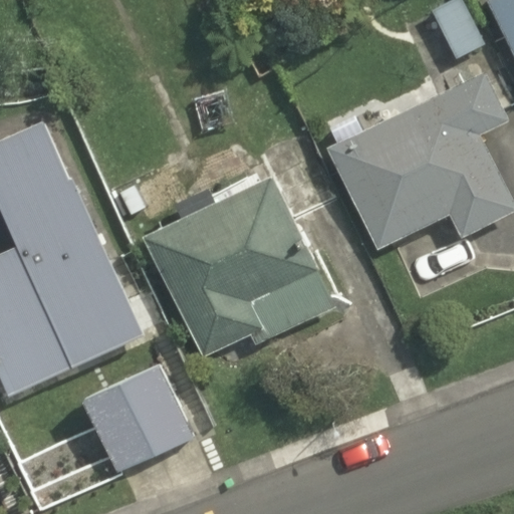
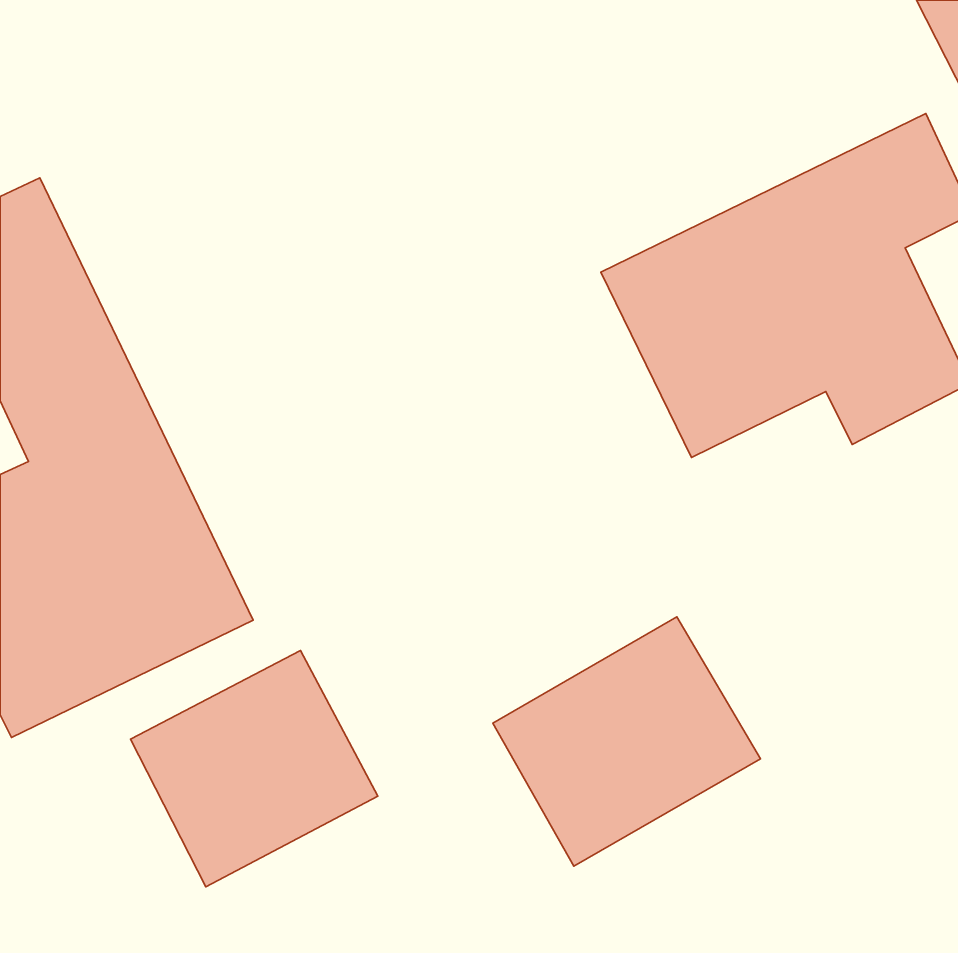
building: [150,178,309,351] -> none
building: none -> [493,617,761,866]

